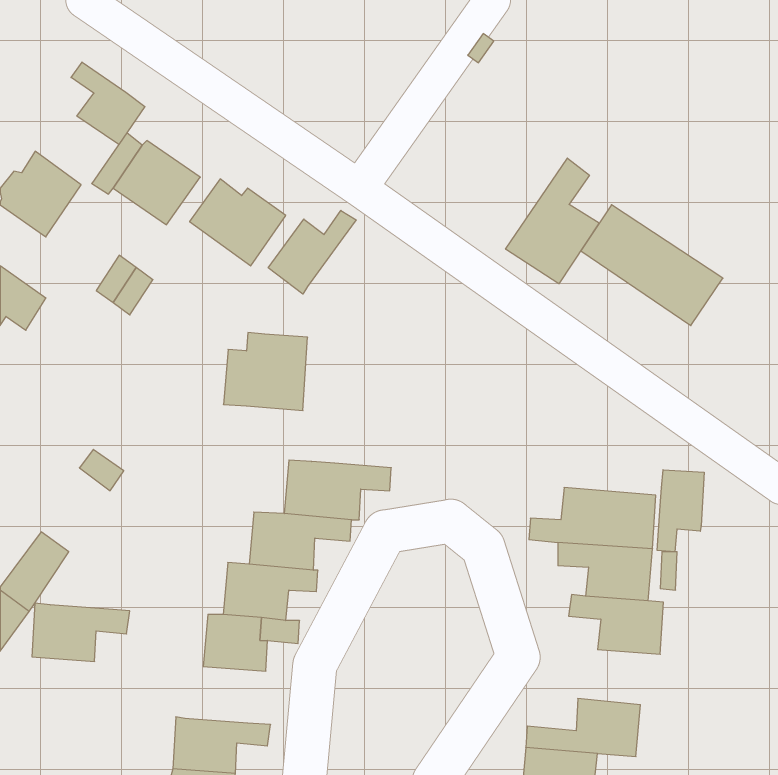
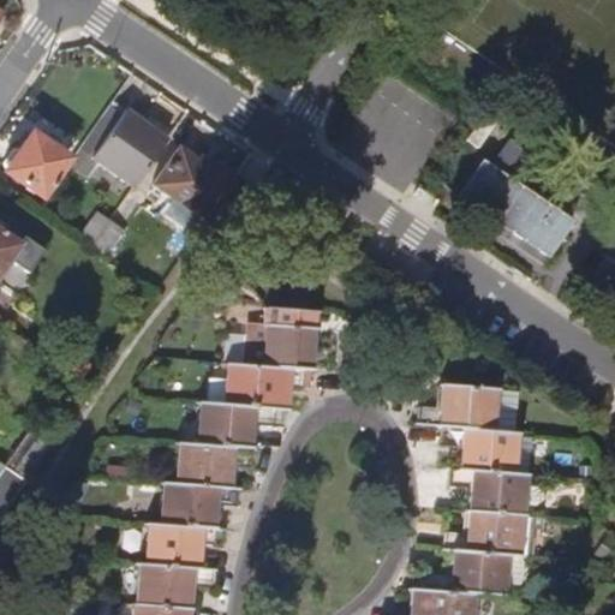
building: [71,62,145,145] -> none
building: [506,158,599,284] -> none
building: [268,210,356,294] -> none
building: [223,333,308,411] -> [247,311,314,372]
building: [657,470,704,552] -> none
building: [32,603,130,661] -> [148,527,225,573]
building: none -> [452,515,521,560]

